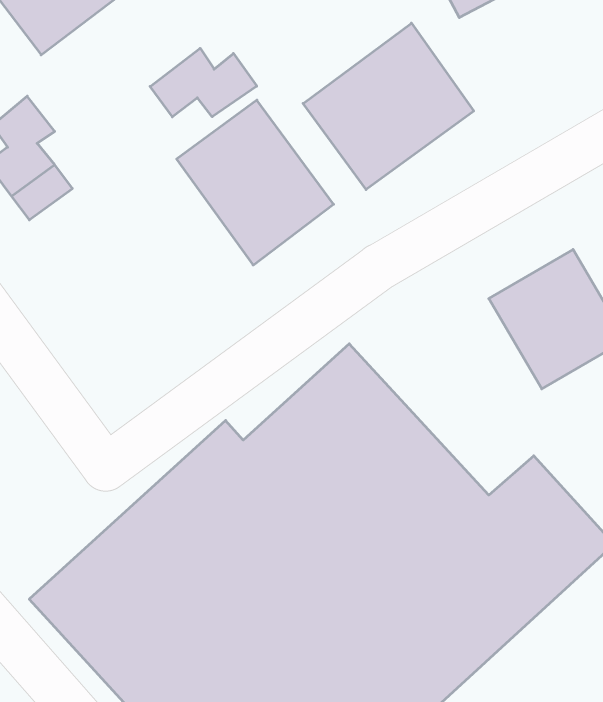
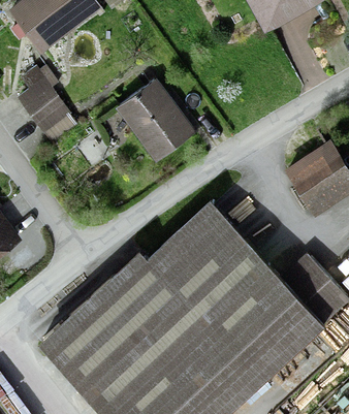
building: [303,23,474,190] -> none
building: [150,48,257,117] -> none

